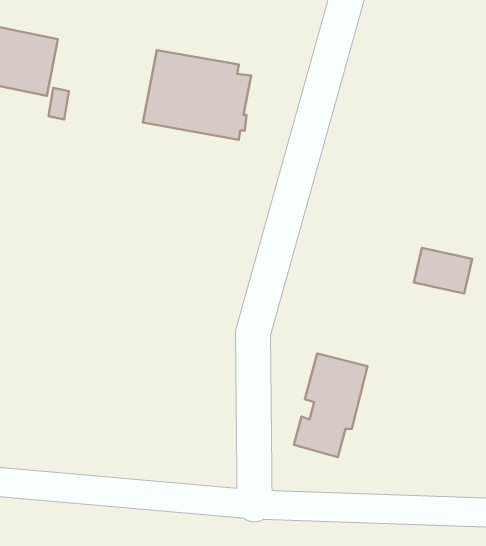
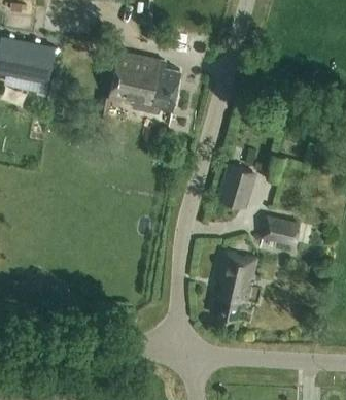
building: none -> [217,165,250,206]
building: [414,248,472,294] -> [263,216,301,246]

